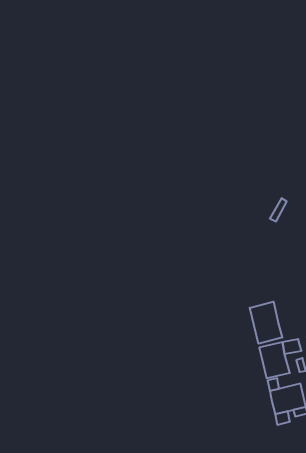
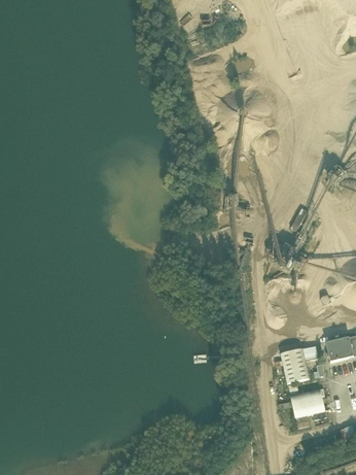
building: [250,302,282,344] -> none

